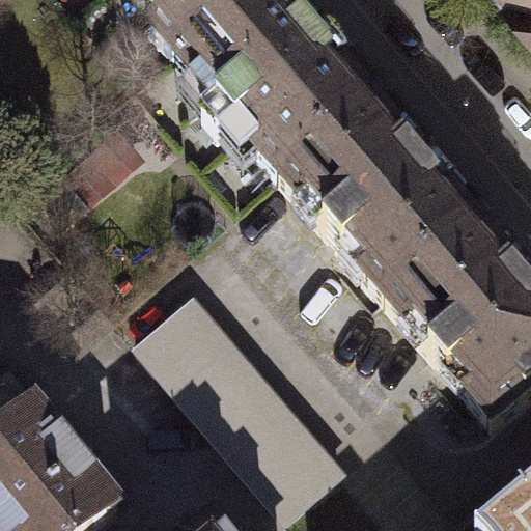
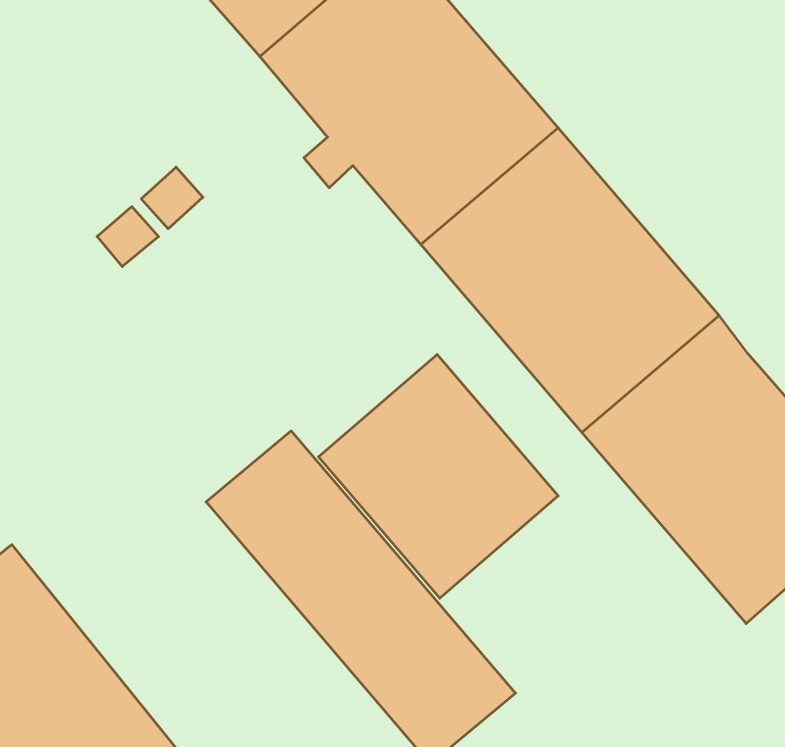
building: none -> [318,354,558,598]

